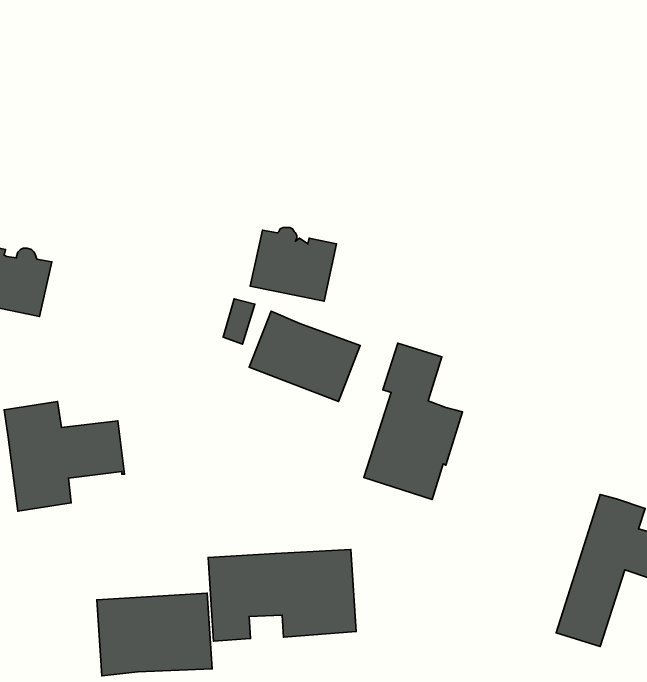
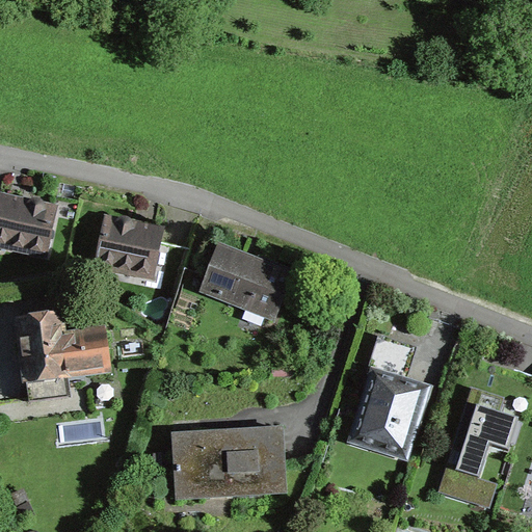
building: [250,227,336,301] -> [97,218,162,274]
building: [364,343,462,499] -> [352,337,427,455]
building: [97,593,212,676] -> none

